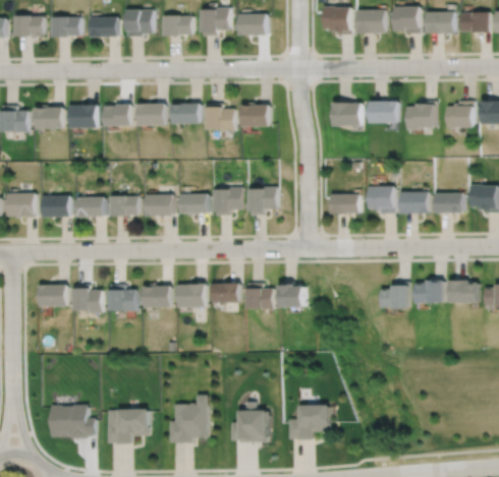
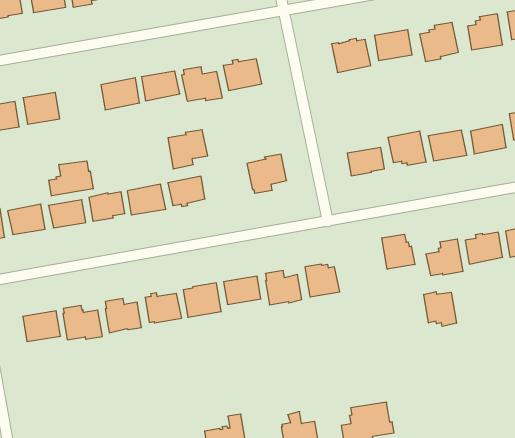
building: [103,104,130,124] -> none
building: none -> [49,161,93,196]
building: [211,187,241,216] -> [168,130,208,169]
building: none -> [382,234,415,269]
building: none -> [424,292,456,326]

